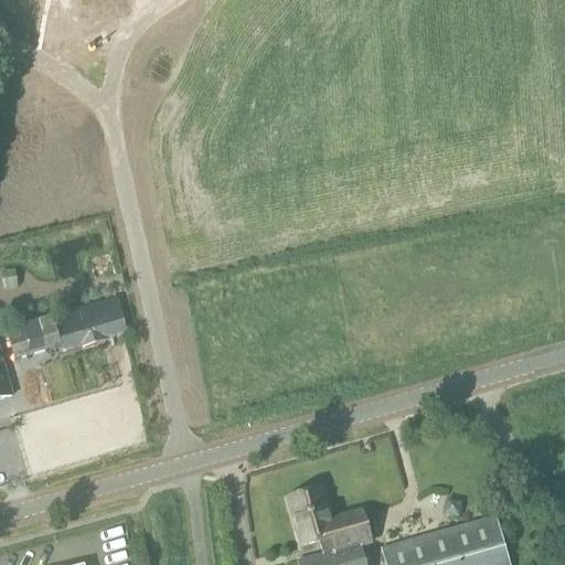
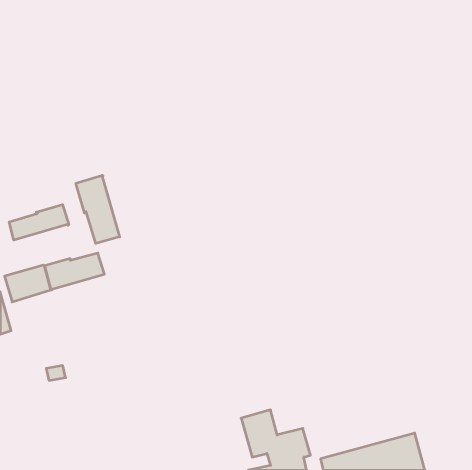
building: none -> [76,175,120,243]
building: none -> [9,205,69,240]

